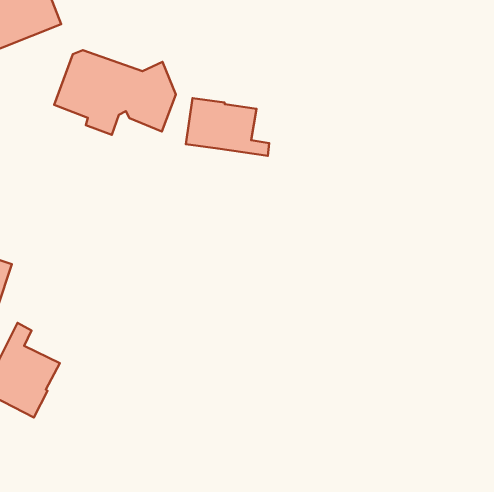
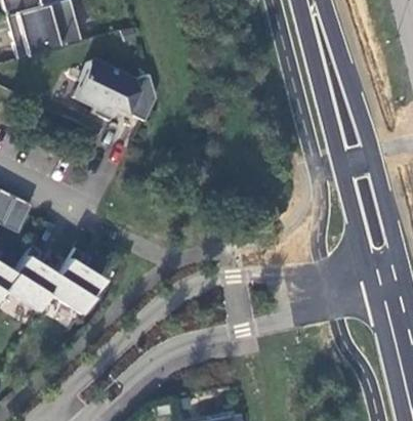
building: [186,98,269,156] -> none
building: none -> [48,248,104,314]

